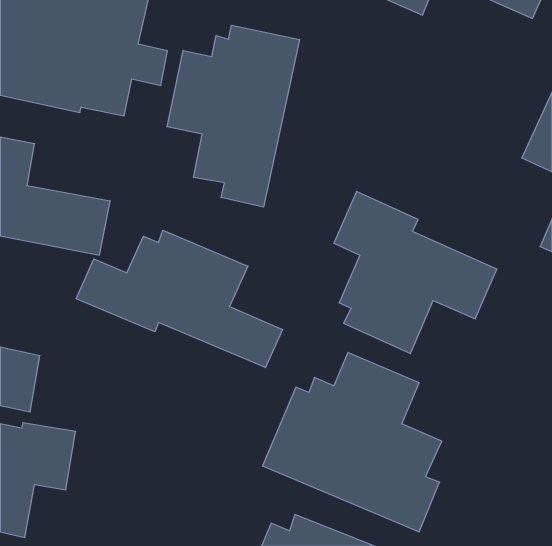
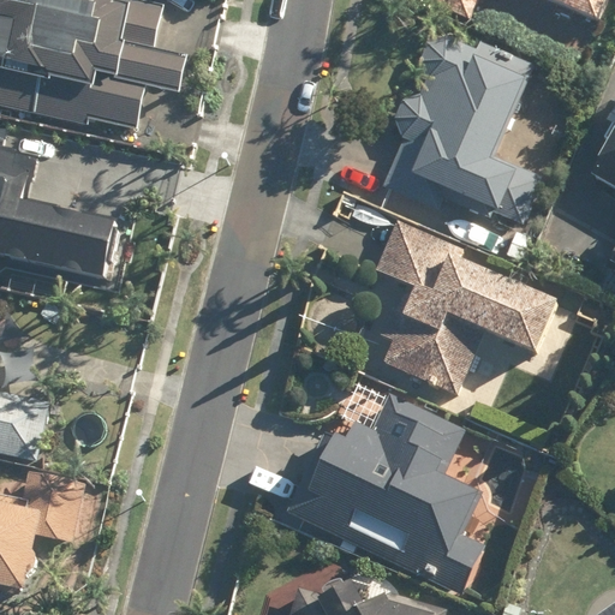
building: none -> [377,26,531,216]
building: [167,25,299,207] -> none
building: [76,230,283,368] -> none

